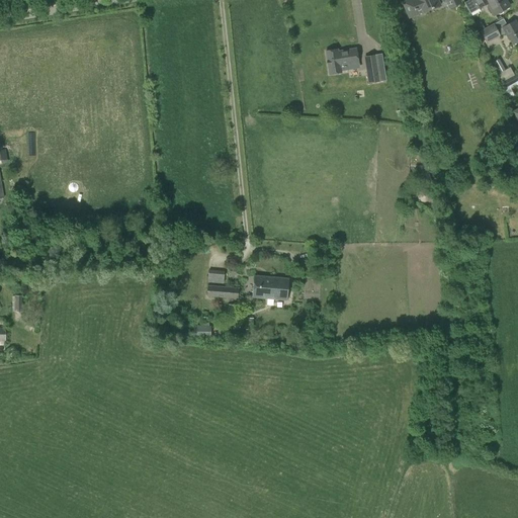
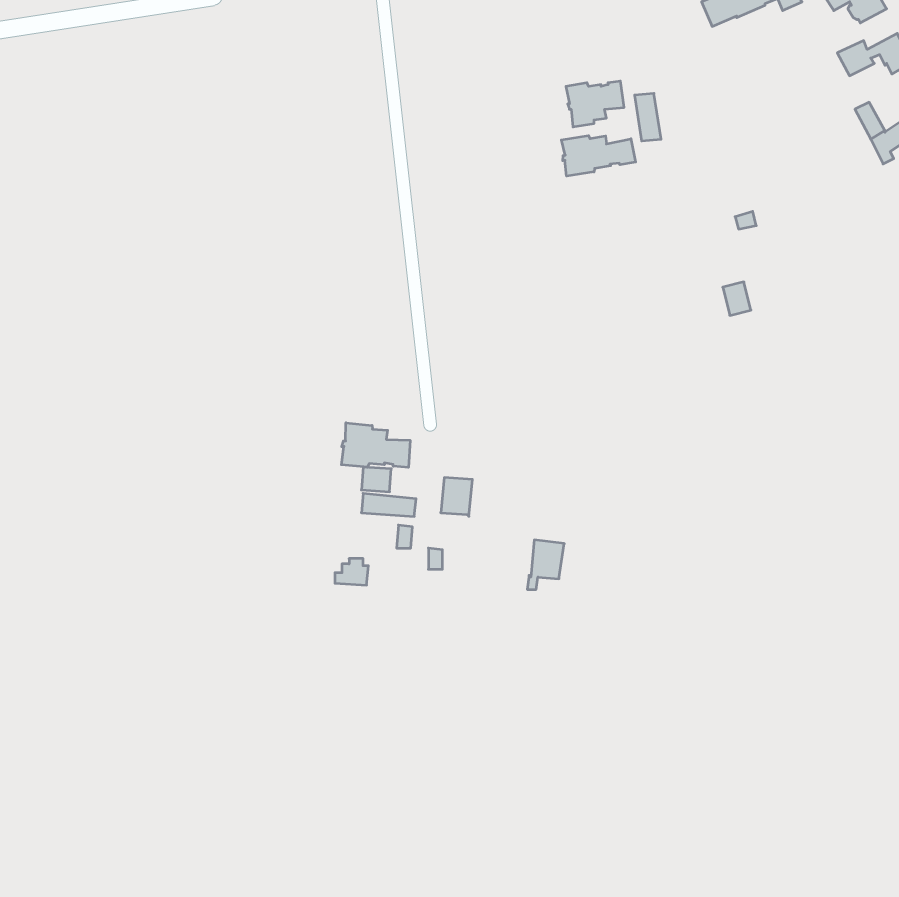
building: none -> [561,136,636,176]
building: none -> [341,423,410,467]
building: [268,275,289,304] -> [527,540,564,589]

